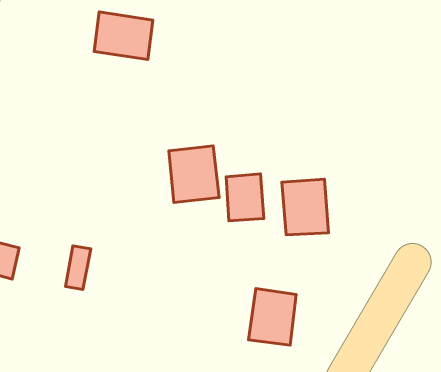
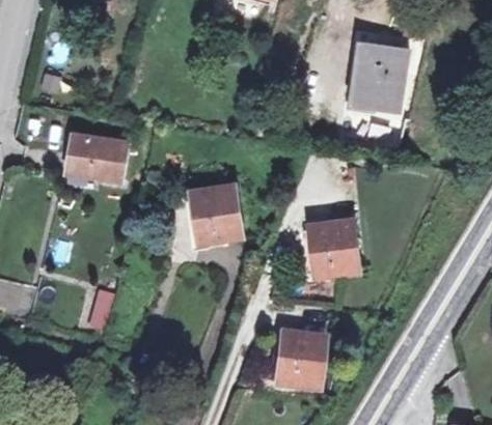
building: none -> [350,43,406,111]
building: [94,12,153,59] -> [66,132,127,180]
building: [226,174,264,221] -> none

